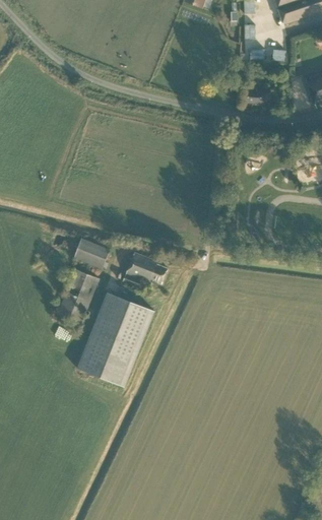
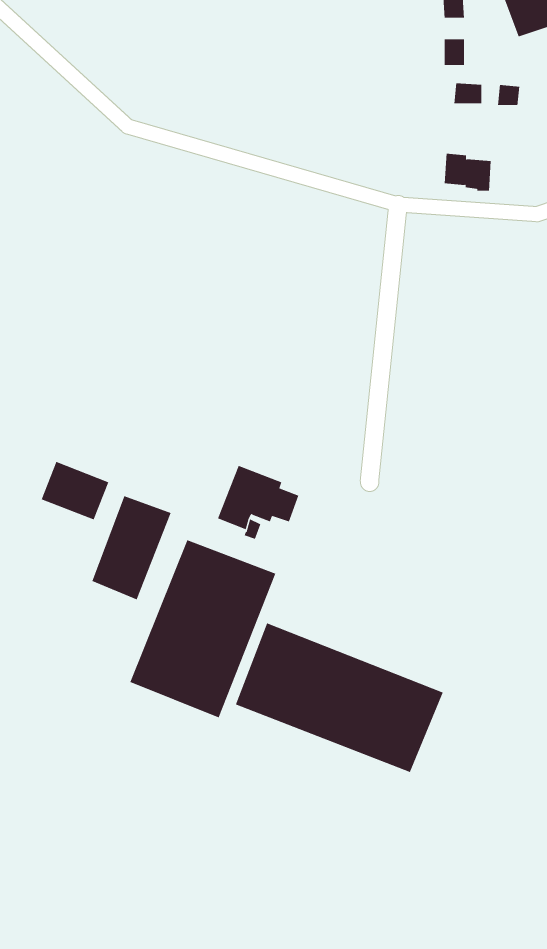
building: [72,237,109,268] -> [41,461,109,520]
building: none -> [235,623,443,773]

